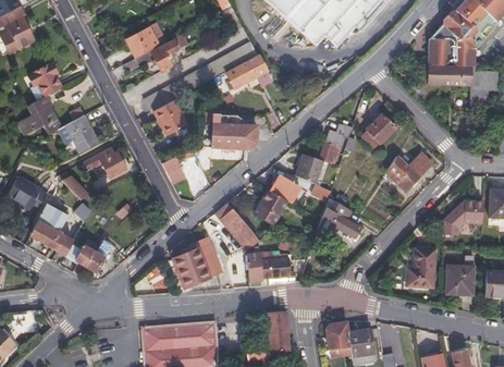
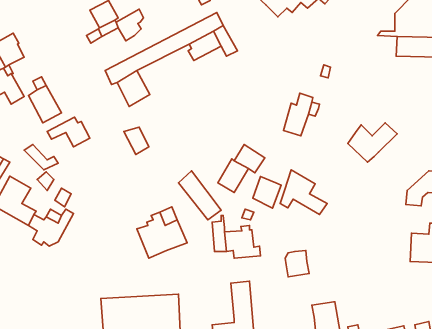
building: [358,111,392,146] -> none
building: [204,112,257,148] -> none
building: [294,152,322,184] -> [253,176,281,208]
building: [406,249,433,288] -> none
building: [325,322,349,348] -> [285,251,309,277]

